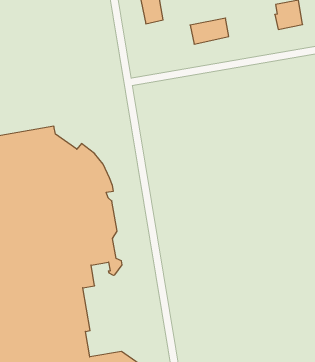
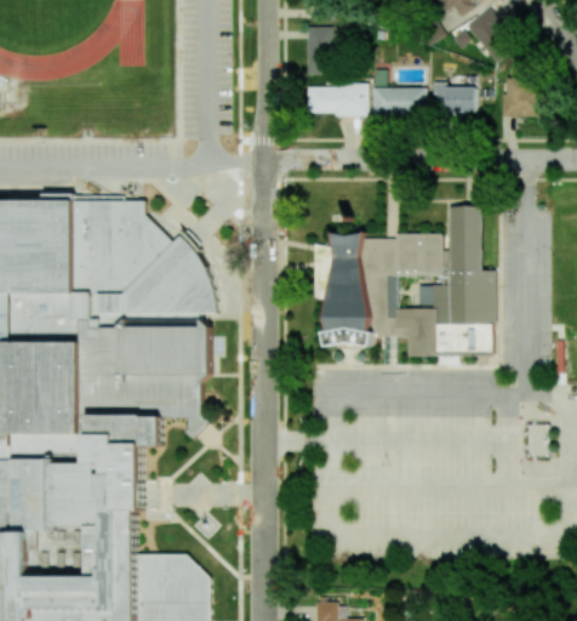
building: none -> [433,81,475,110]
building: none -> [309,82,367,114]
building: none -> [312,206,493,355]

